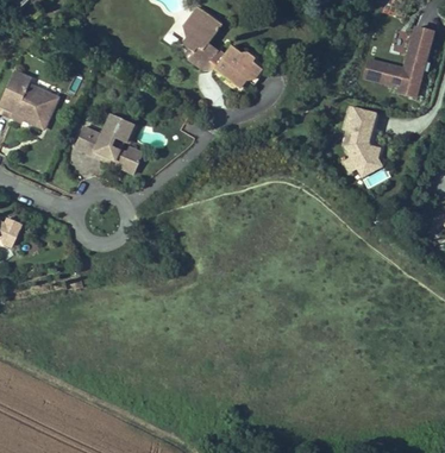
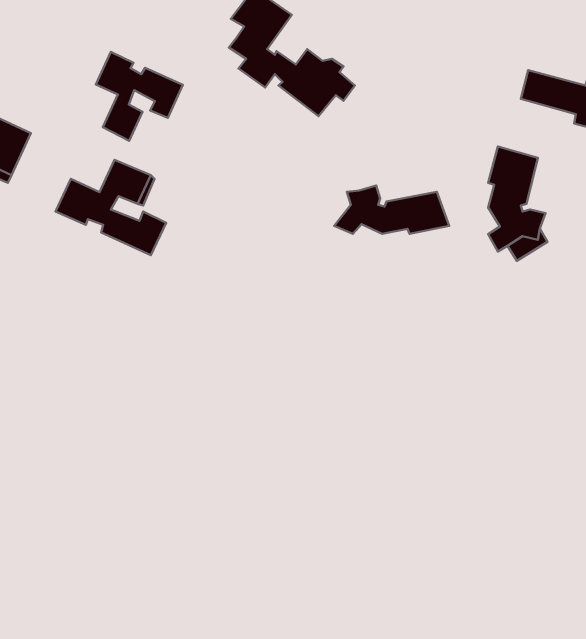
building: none -> [96,52,183,141]
building: none -> [334,186,449,234]

